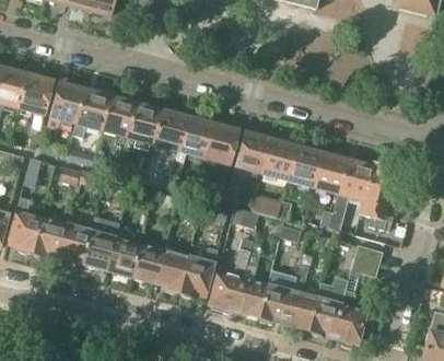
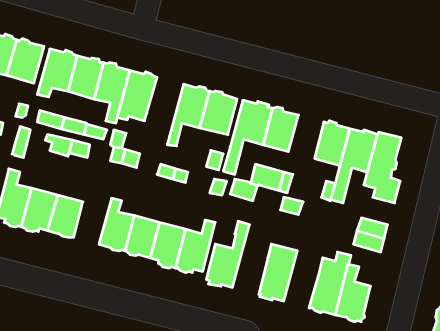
building: [152,109,187,177] -> none
building: [288,147,322,188] -> none
building: [82,217,119,270] -> none
building: [234,252,268,318] -> none
building: [283,265,317,331] -> none

